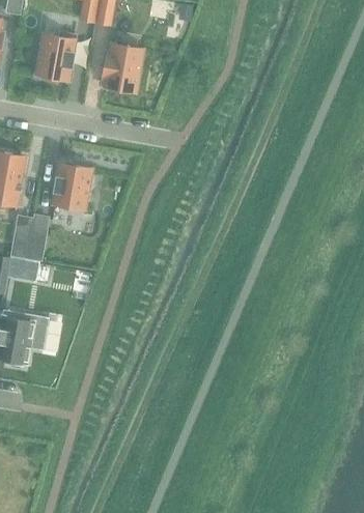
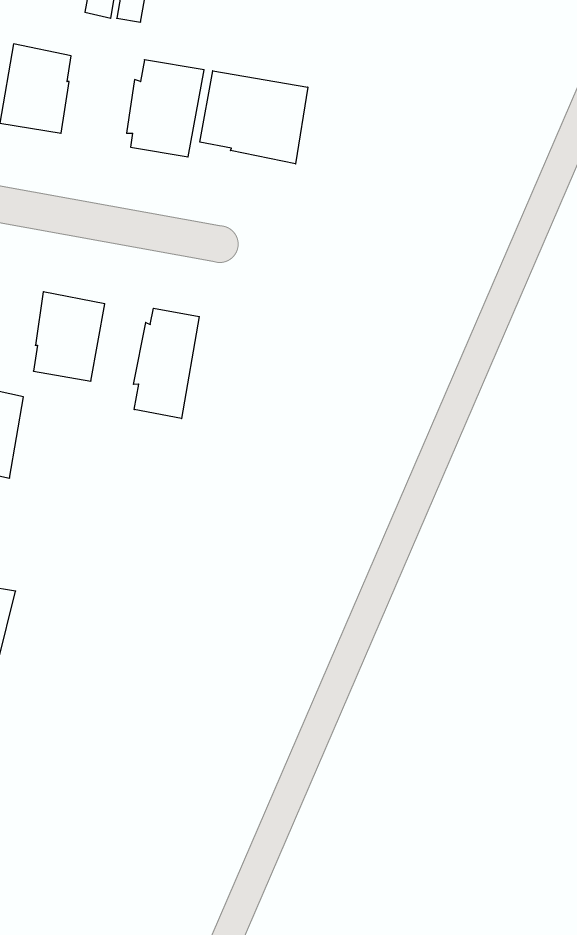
building: none -> [200,71,308,164]
building: none -> [134,308,199,419]

